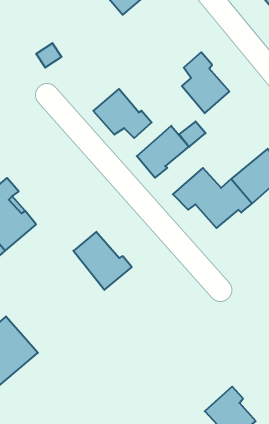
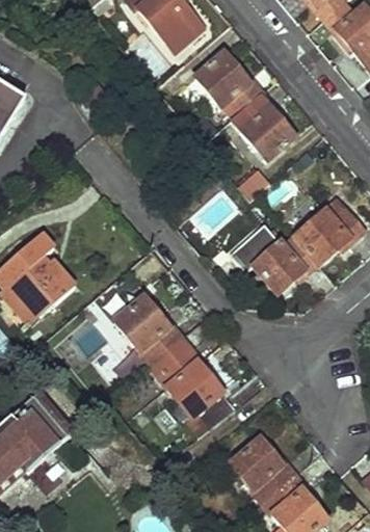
building: [93,89,152,138] -> [194,51,261,107]
building: [137,126,189,178] -> none
building: none -> [151,335,234,429]
building: none -> [233,438,296,499]

